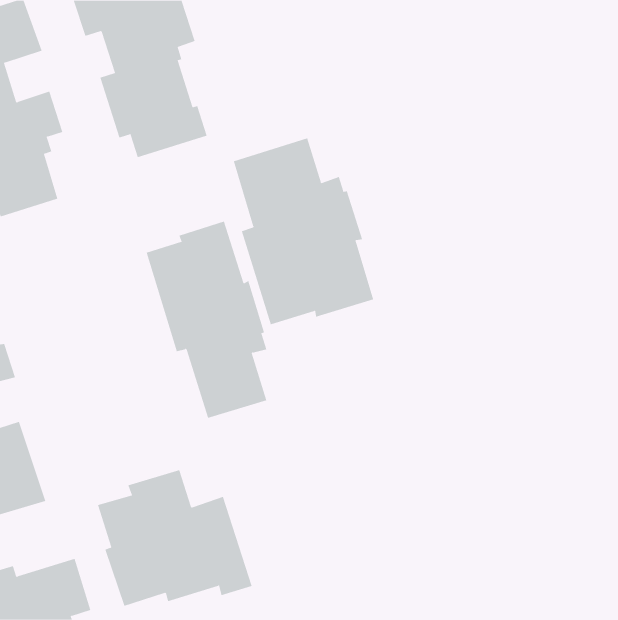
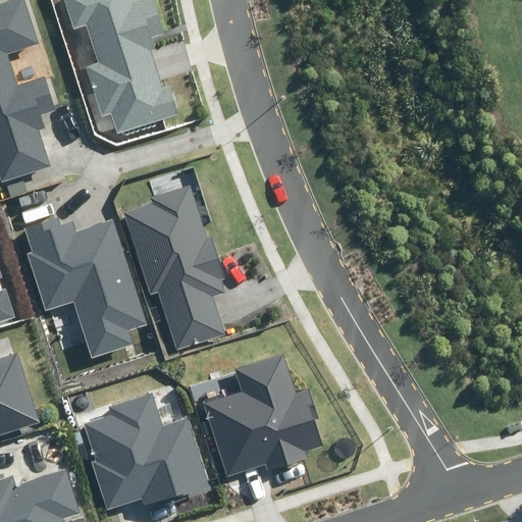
building: [233,138,374,325] -> none
building: none -> [21,216,146,355]
building: none -> [202,354,320,476]

